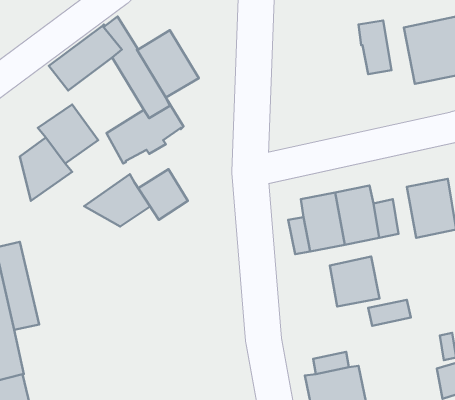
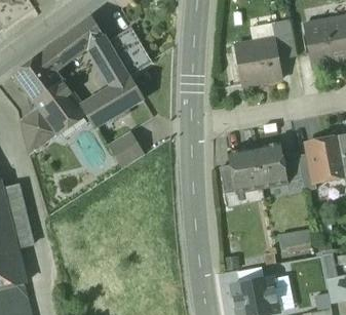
building: none -> [235,38,282,85]
building: none -> [13,53,61,100]
building: [84,174,150,226] -> none
building: [330,256,379,307] -> none

